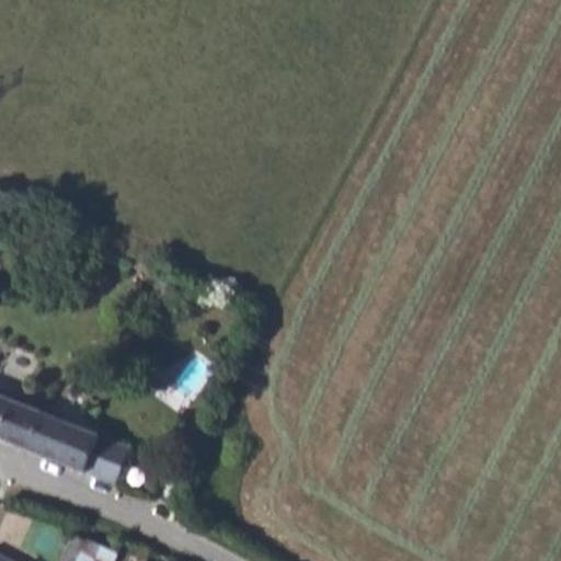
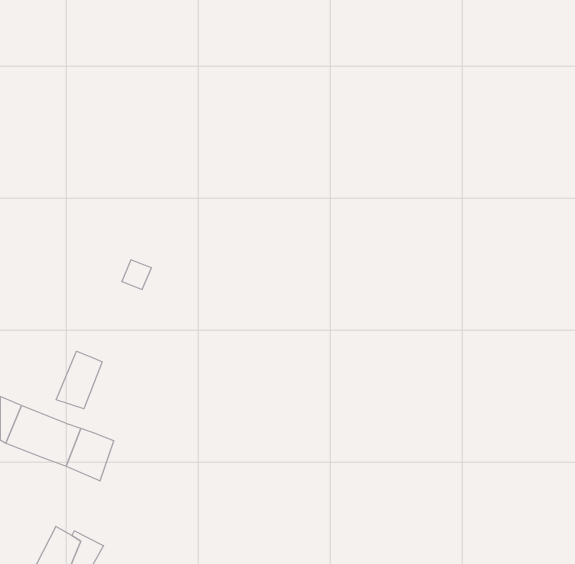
building: none -> [56,351,102,409]

